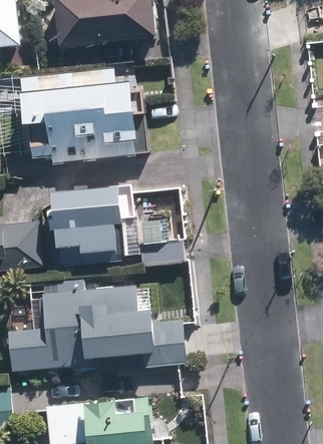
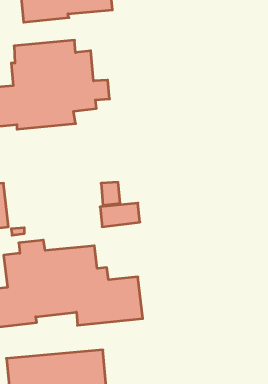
building: [52,183,139,266] -> none

